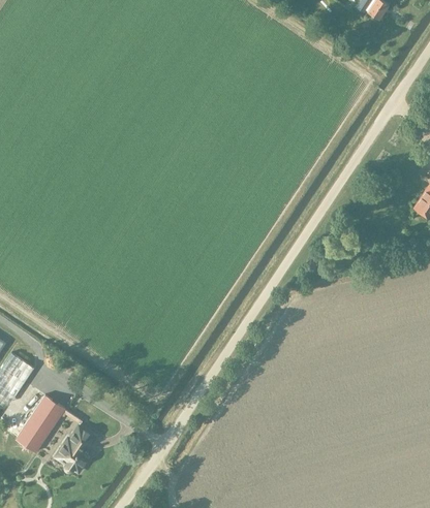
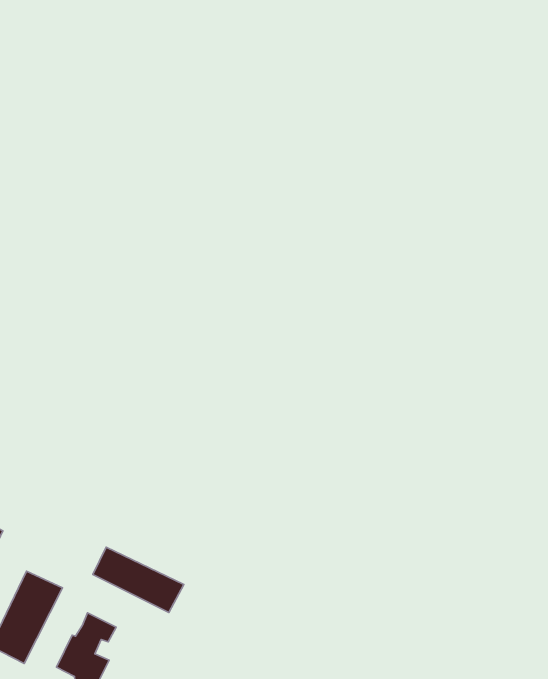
building: none -> [93,547,184,613]

